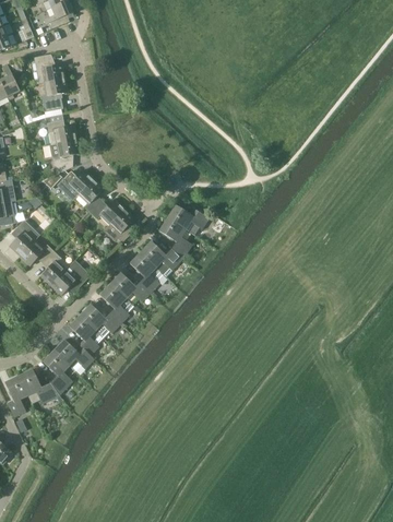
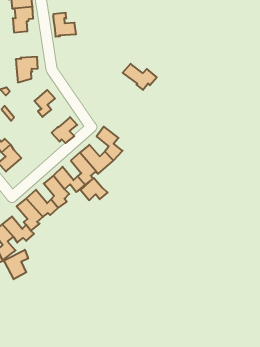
building: [45,114,75,144] -> [53,13,76,37]
building: [58,169,92,200] -> none
building: [90,198,123,223] -> none
building: [166,204,209,235] -> [123,64,157,90]
building: [51,265,84,294] -> none
building: none -> [80,178,108,200]
building: none -> [4,250,28,279]

